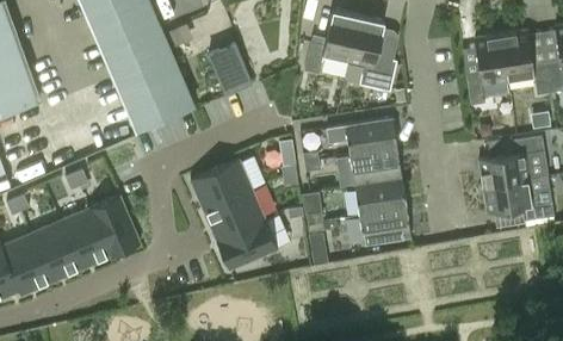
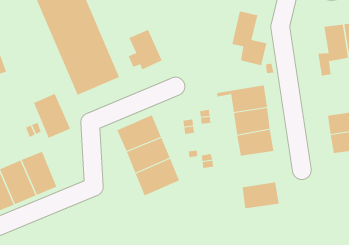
building: [304,11,358,74] -> none
building: [88,196,140,258] -> [33,93,71,138]
building: [359,209,410,246] -> [242,182,279,209]

